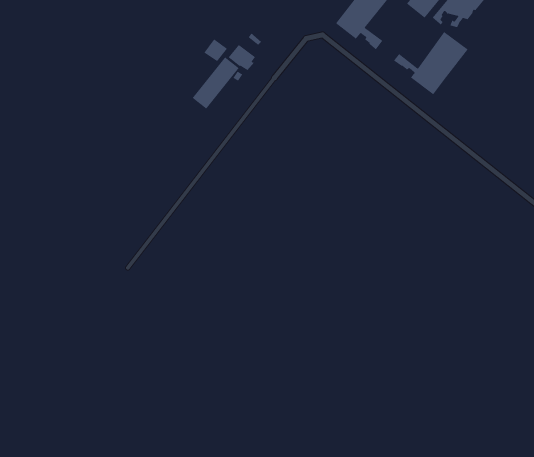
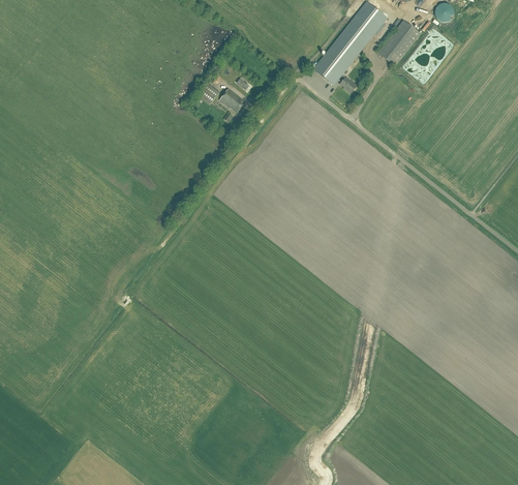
building: [393,31,468,95] -> none
building: [192,57,239,110] -> none

